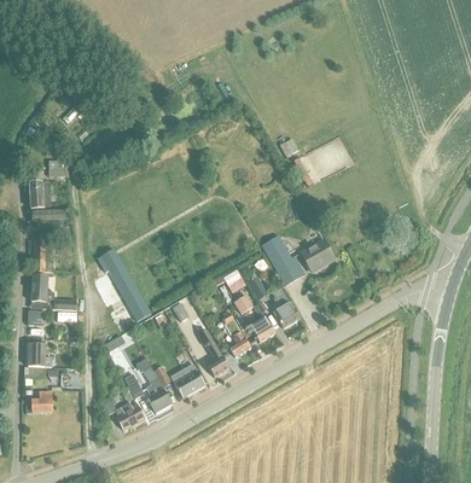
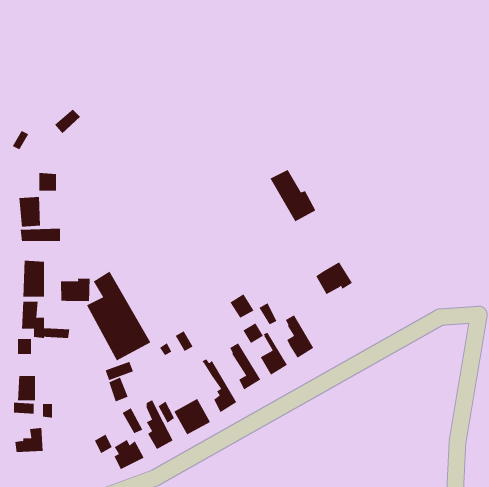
building: [261,235,303,284] -> [270,169,316,222]
building: none -> [61,278,90,302]

